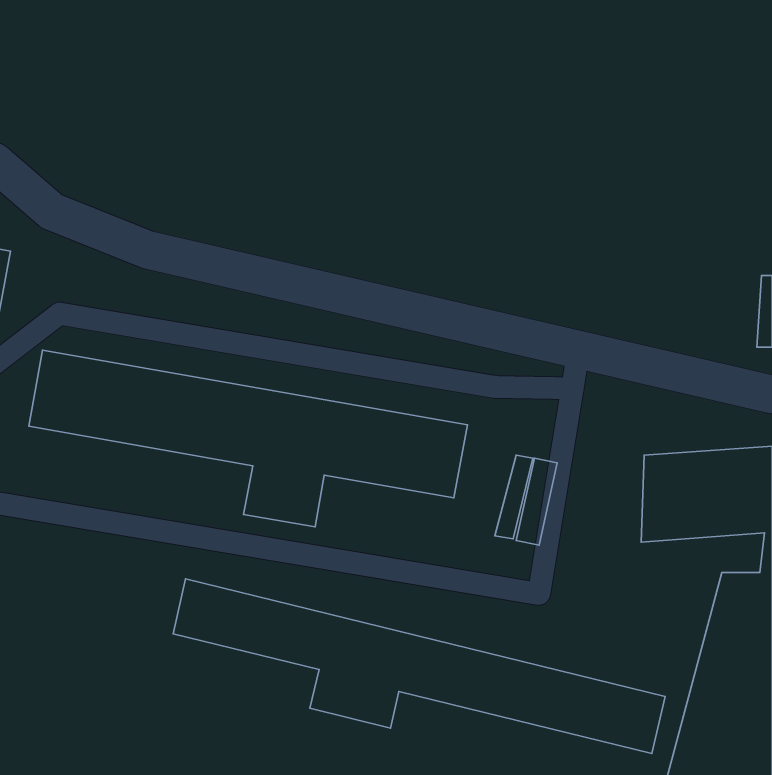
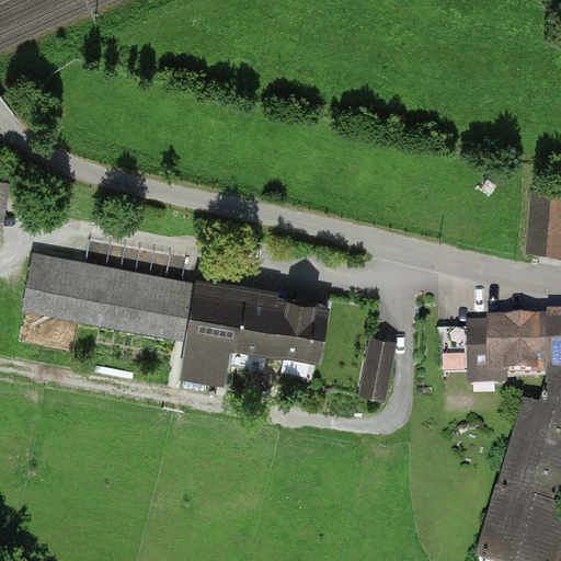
building: [173,579,665,753] -> none

